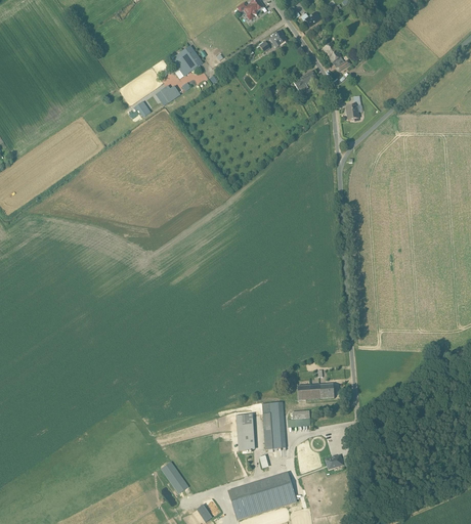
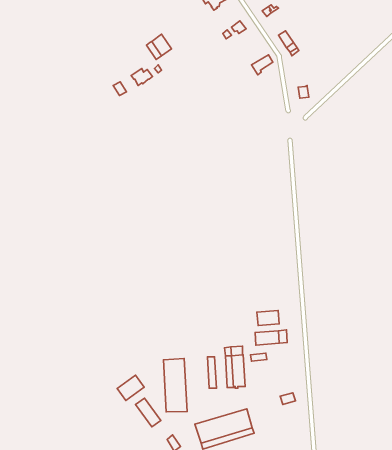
building: none -> [257,310,279,326]
building: none -> [163,359,187,412]
building: none -> [117,375,144,400]

